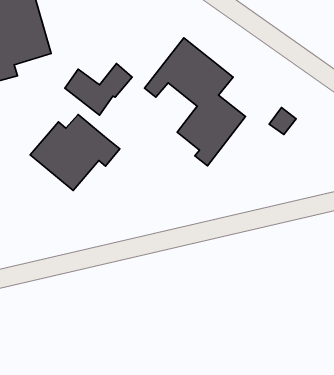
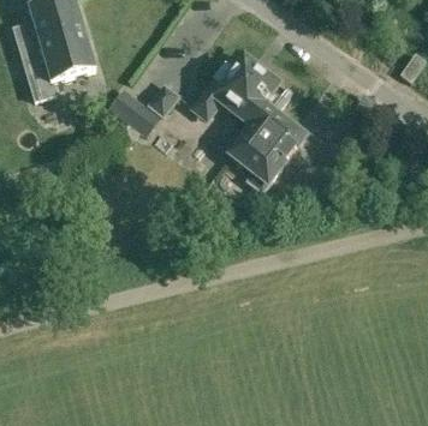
building: [30,114,120,191] -> none

